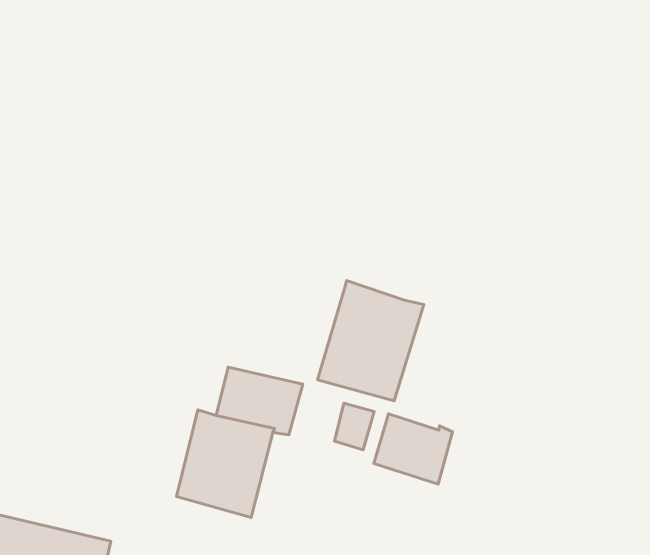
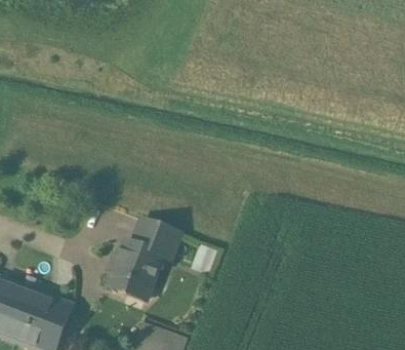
building: [317,281,424,401] -> none
building: [374,414,453,484] -> none

